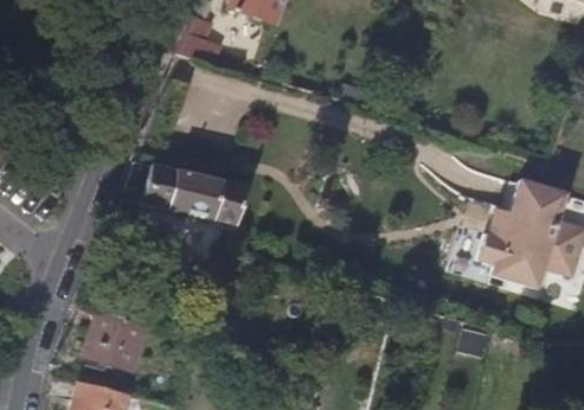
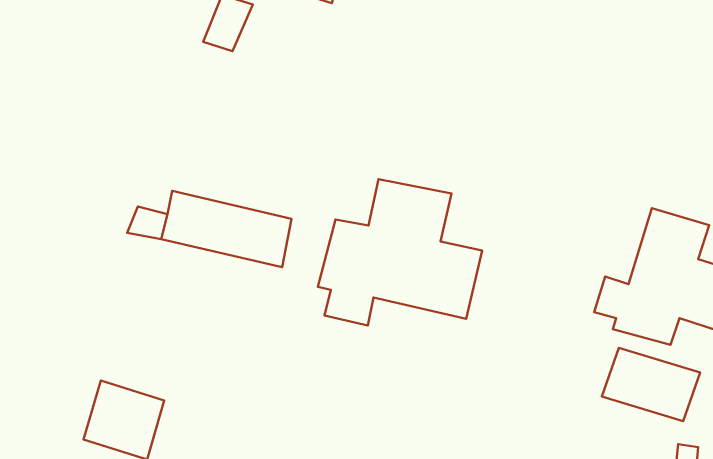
building: none -> [318,179,482,326]
building: none -> [602,348,700,421]

